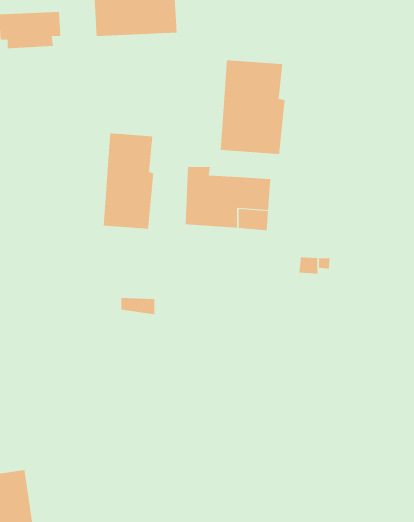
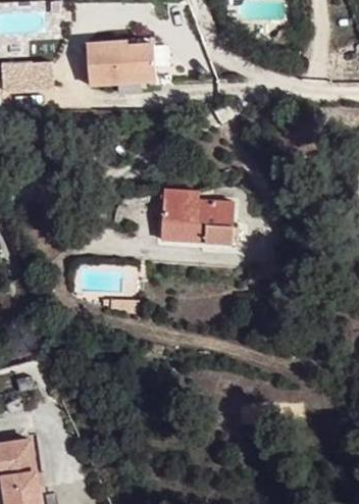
building: [220,59,285,155] -> none
building: [103,133,154,230] -> none

